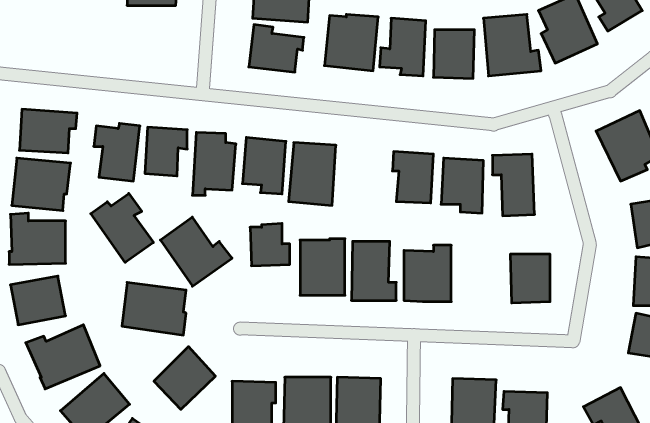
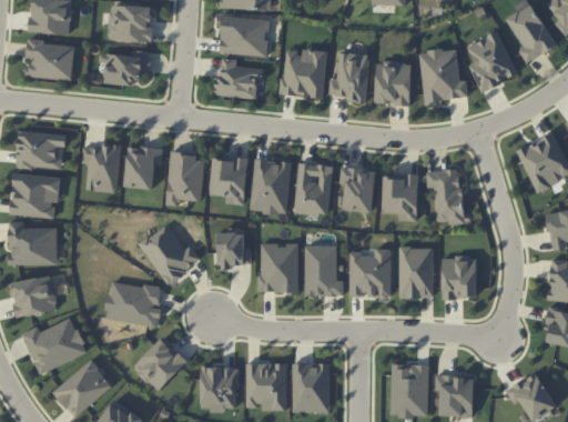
building: none -> [27,41,75,80]
building: none -> [101,50,152,83]
building: none -> [294,163,334,215]
building: [91,193,153,262] -> none
building: none -> [399,248,435,298]

